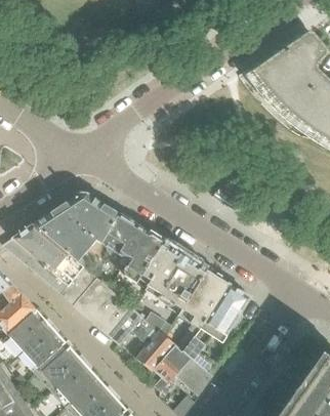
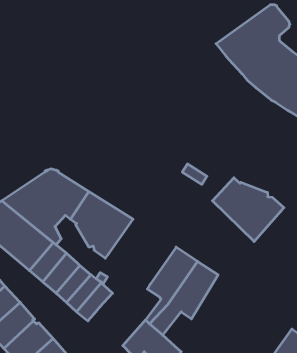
building: none -> [212,178,284,242]
building: [139,244,207,308] -> none
building: [125,318,176,372] -> none

